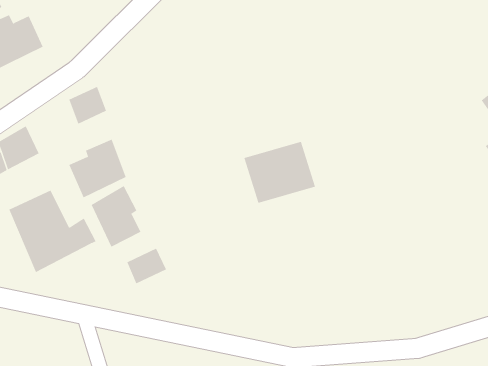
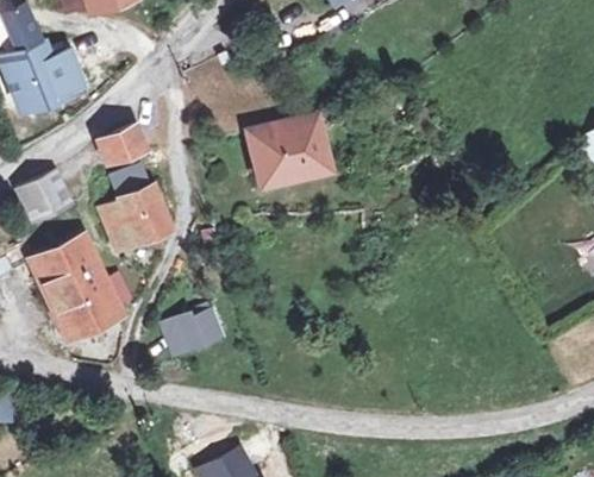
building: [243,141,316,203] -> [252,117,336,188]
building: [91,185,141,247] -> none

